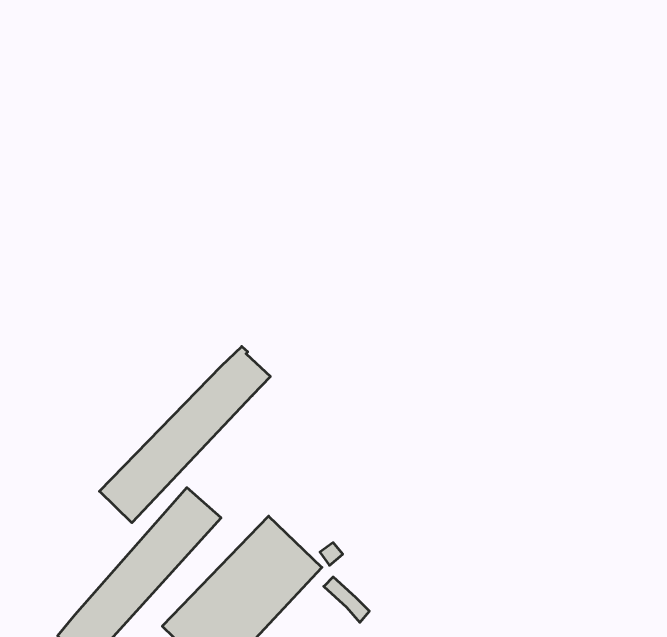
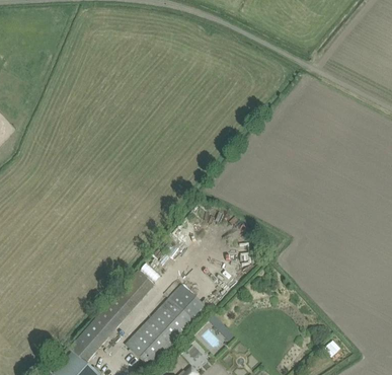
building: [99,346,270,523] -> none

